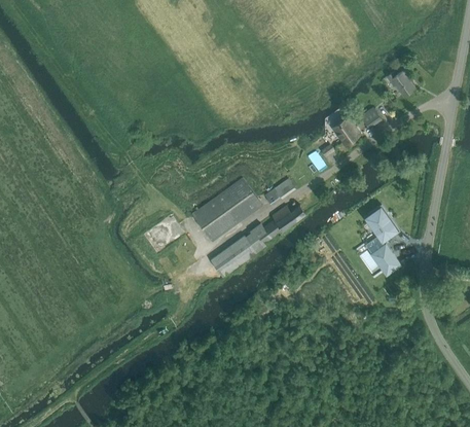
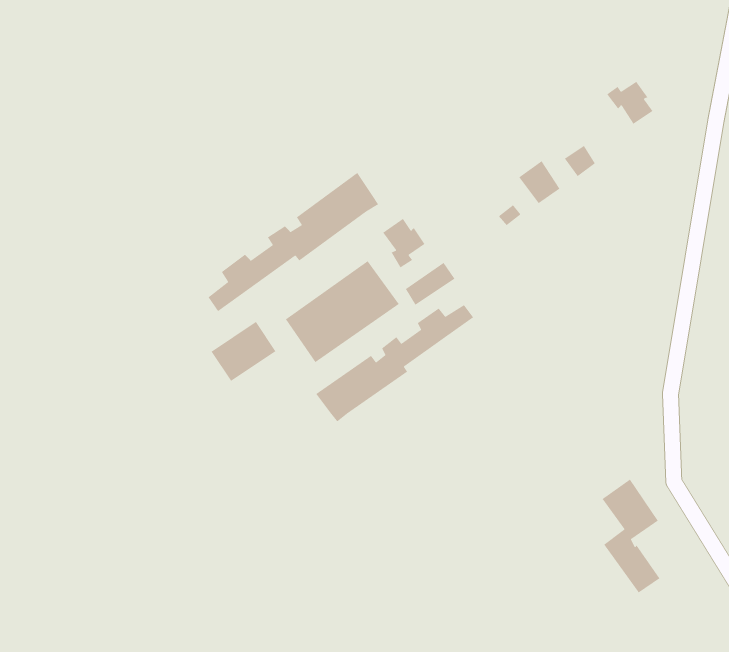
building: none -> [208,172,379,312]
building: none -> [382,218,425,269]
building: [364,205,400,275] -> [601,479,661,594]

